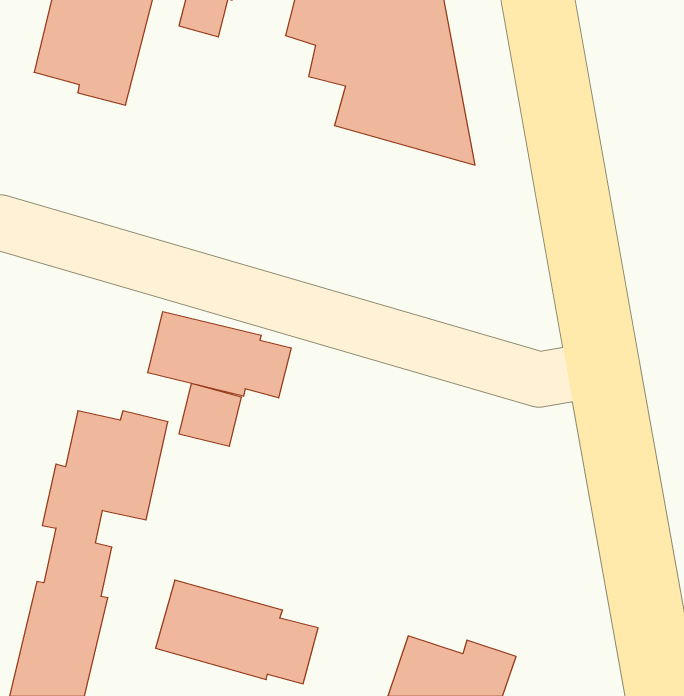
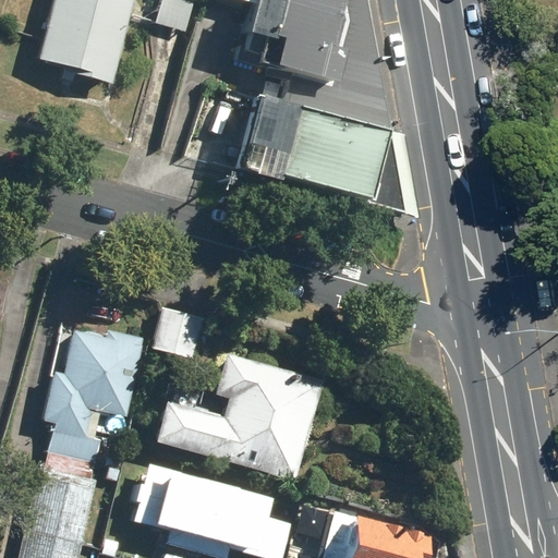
building: none -> [235,94,405,211]
building: [148,312,291,398] -> none
building: none -> [155,352,324,481]

